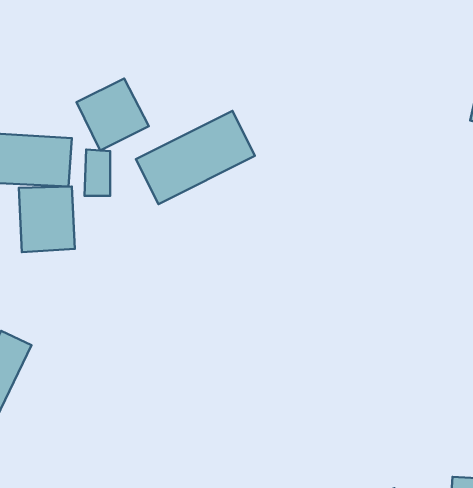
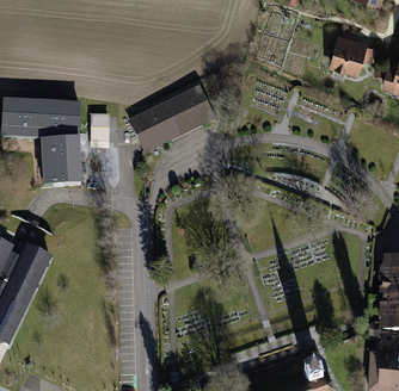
building: none -> [325,33,363,75]
building: [76,79,149,150] -> none

